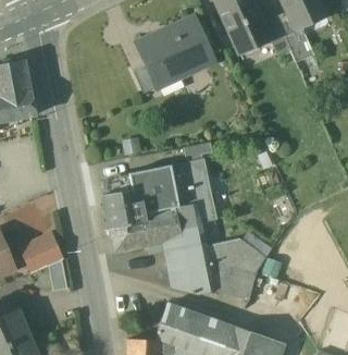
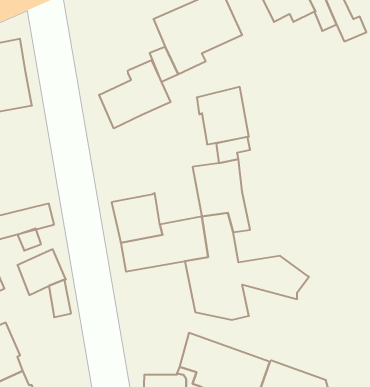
building: none -> [99,60,170,128]
building: [133,167,176,215] -> [197,87,249,144]
building: [210,265,256,299] -> none

